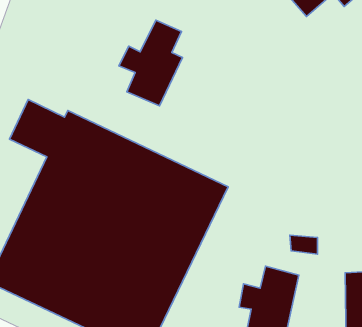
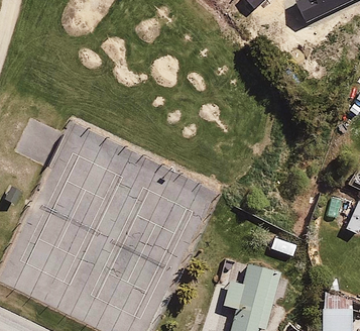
building: [119,20,182,106] -> none

